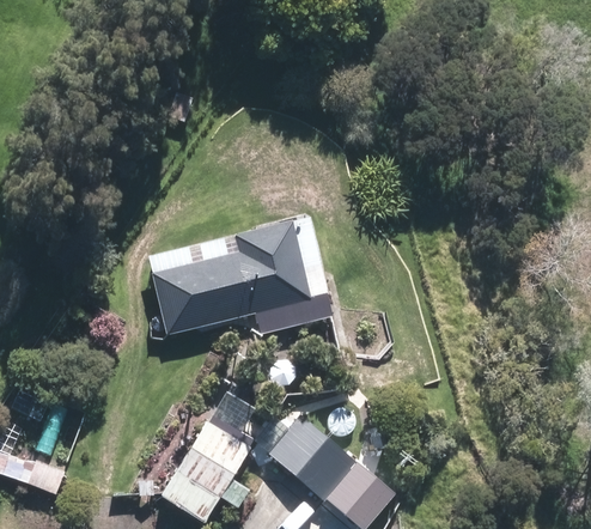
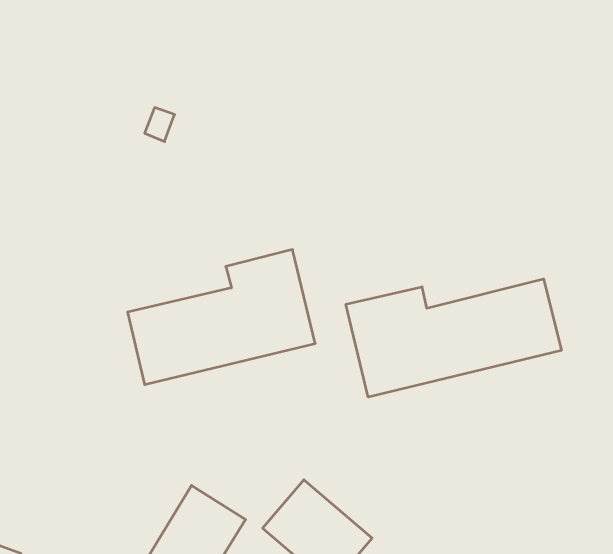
building: none -> [346,279,561,397]

